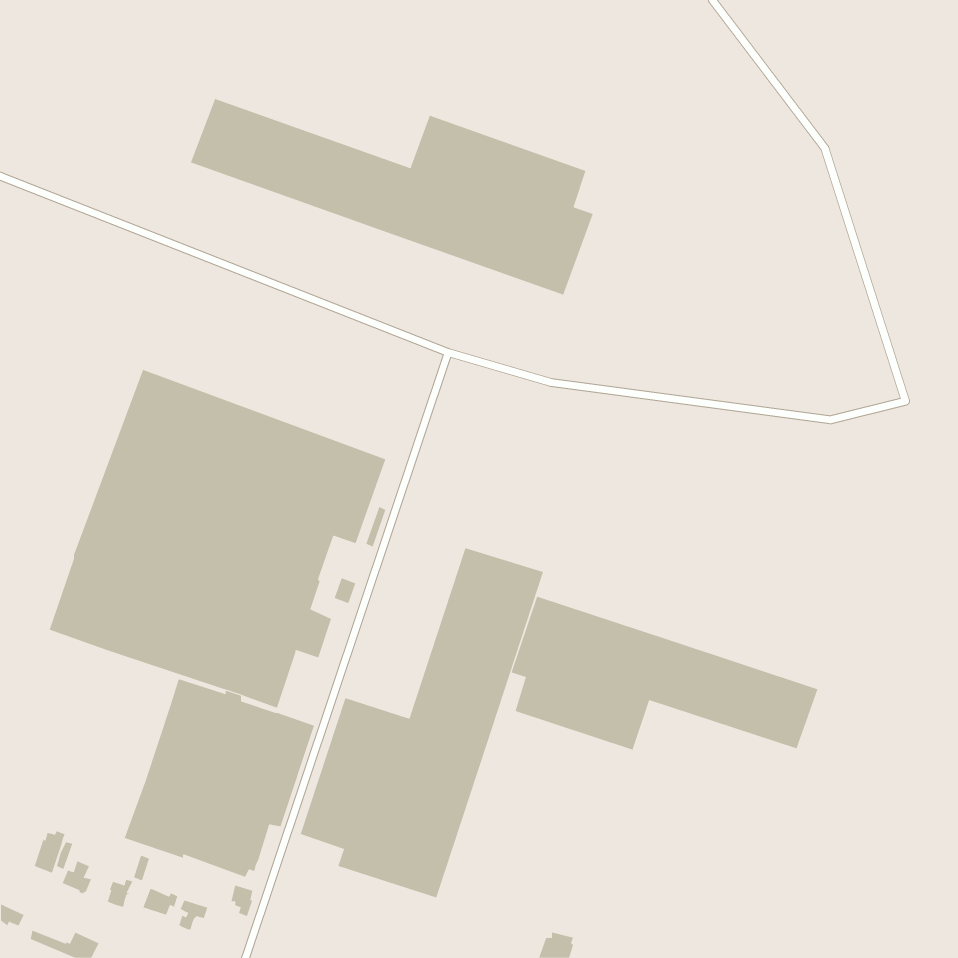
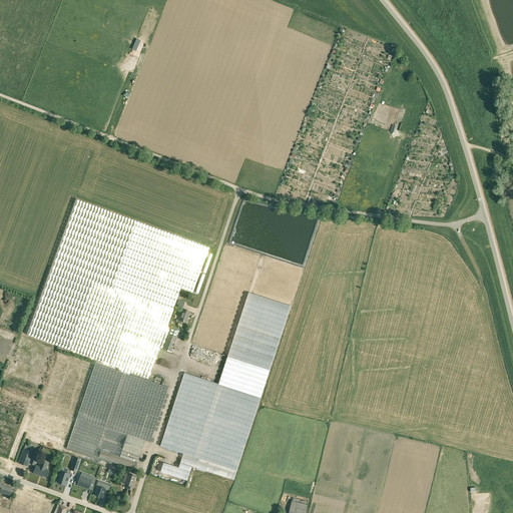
building: [190,98,594,296] -> none
building: [511,596,818,750] -> none

